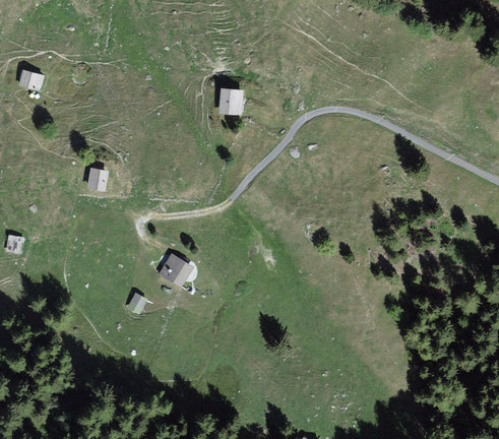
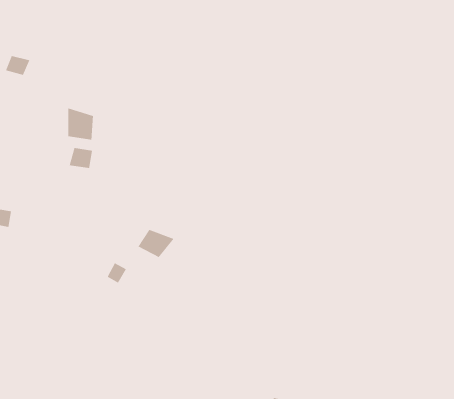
building: [221,88,244,114] -> none
building: none -> [68,108,93,140]

